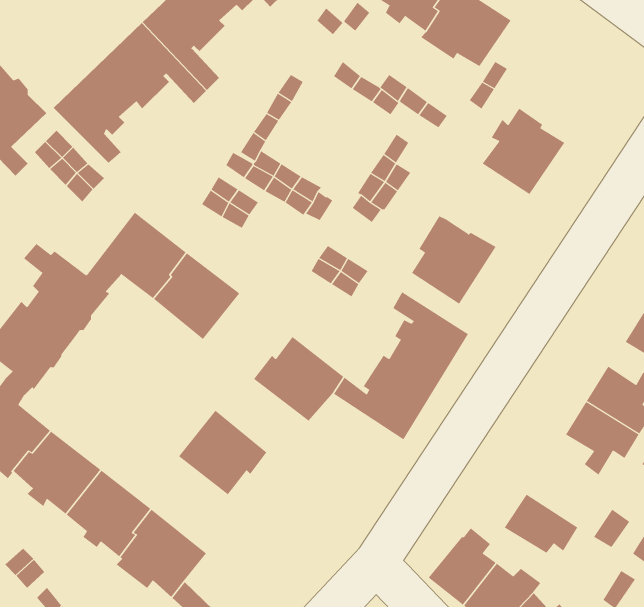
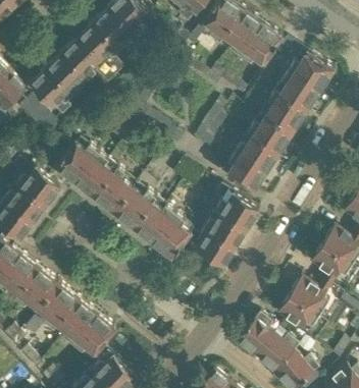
building: none -> [280,40,332,104]
building: none -> [246,115,292,161]
building: [178,410,267,495] -> [112,186,161,233]
building: none -> [290,278,329,315]

